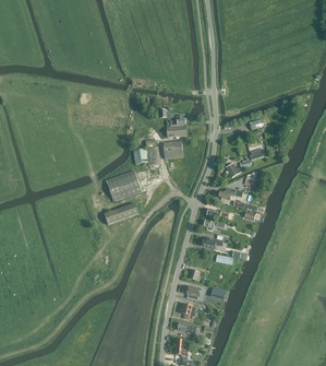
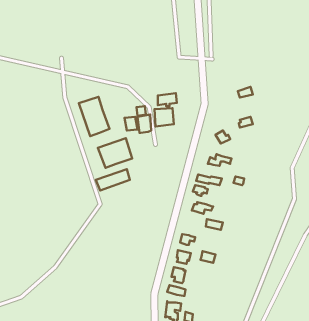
building: none -> [79,97,109,136]

